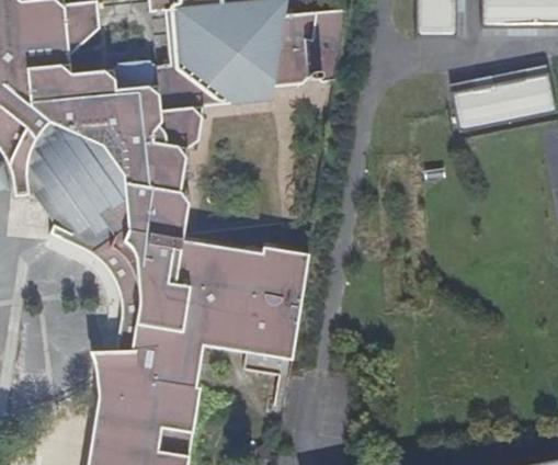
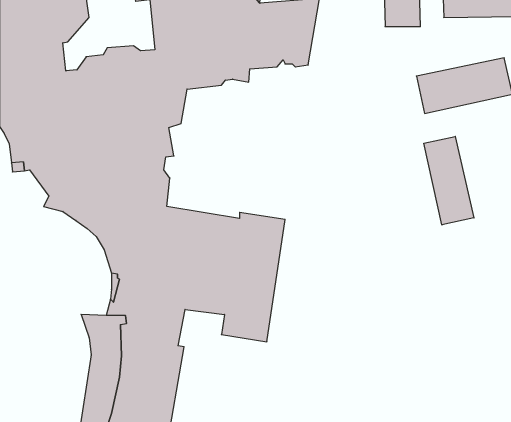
building: none -> [424,136,474,225]

